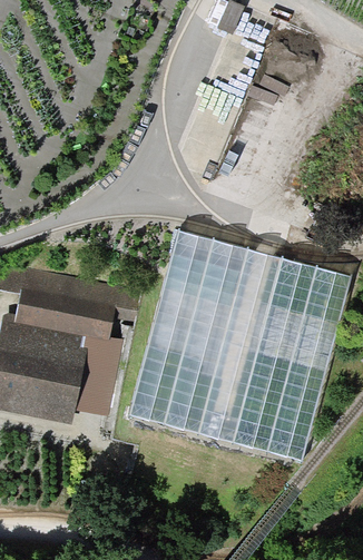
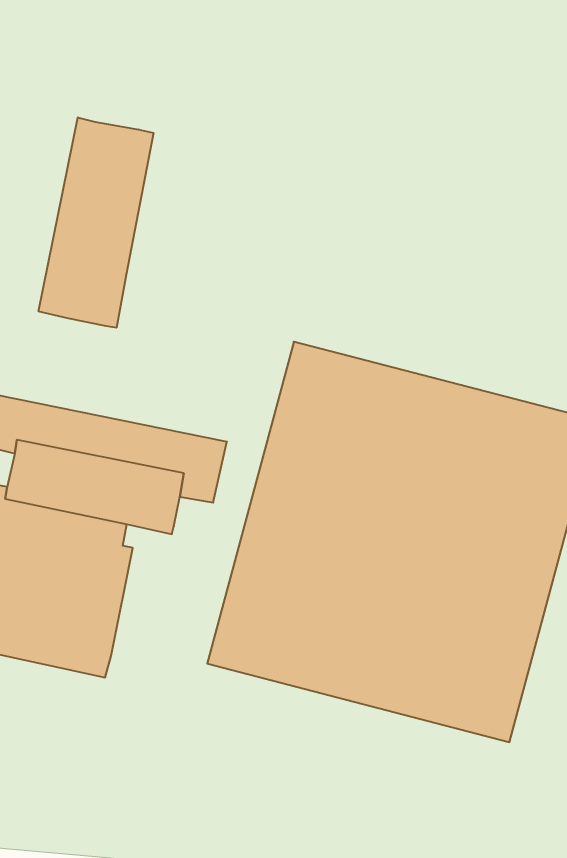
building: none -> [39,117,153,328]
building: [75,336,124,415] -> none

